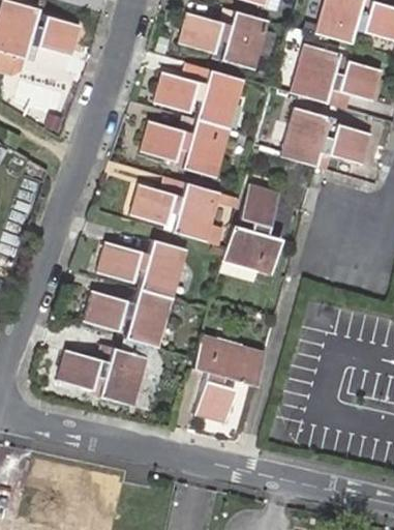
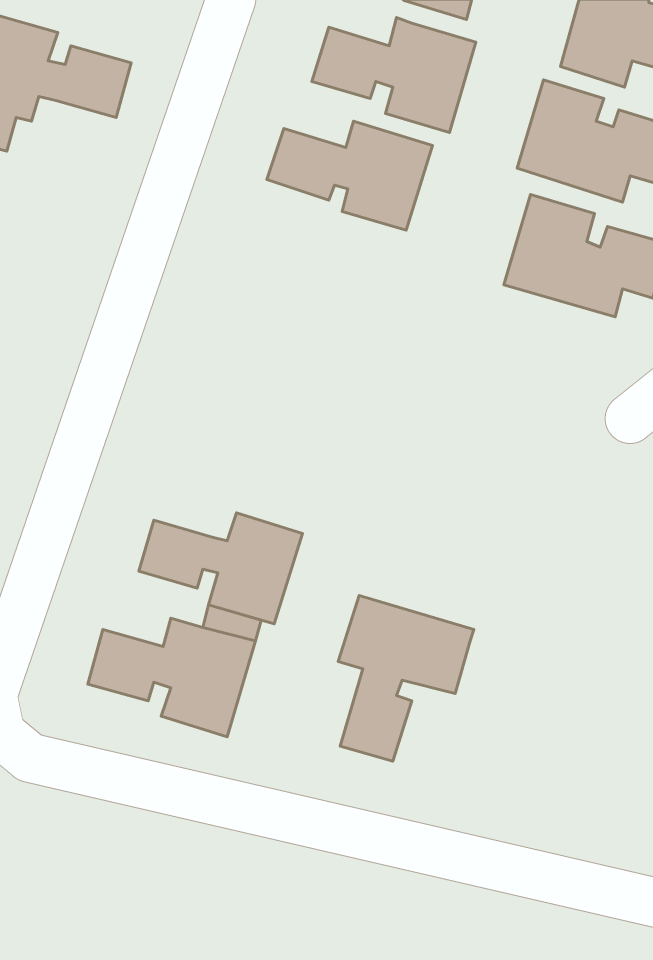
building: [139,115,230,177] -> none
building: [132,171,224,240] -> none
building: [223,179,283,269] -> none
building: [97,234,187,294] -> none

